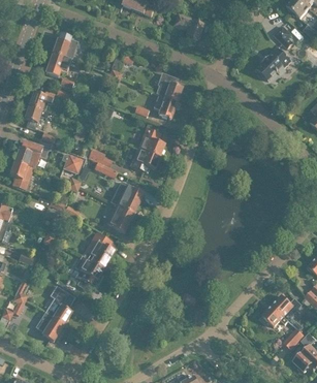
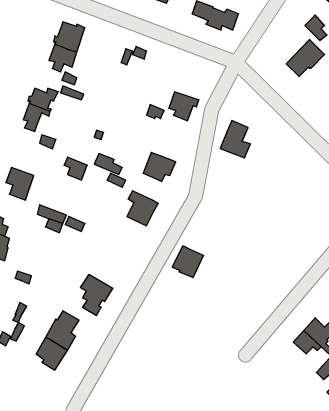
building: [156,73,182,100] -> none
building: [137,123,164,156] -> [220,121,250,158]
building: [12,140,49,168] -> none
building: [105,204,133,232] -> [172,246,204,278]
building: [82,232,114,268] -> none

